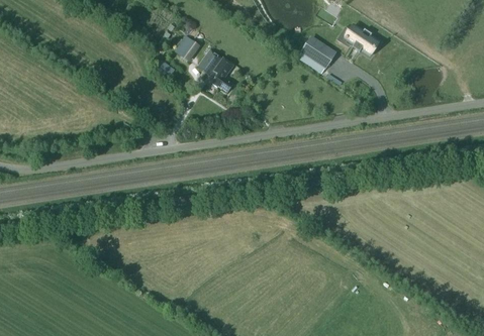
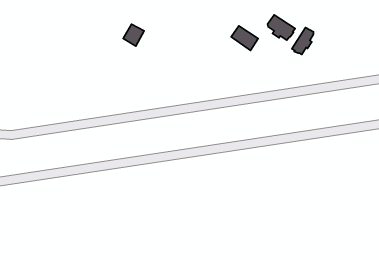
building: none -> [292,27,313,54]
building: [197,49,233,92] -> none

